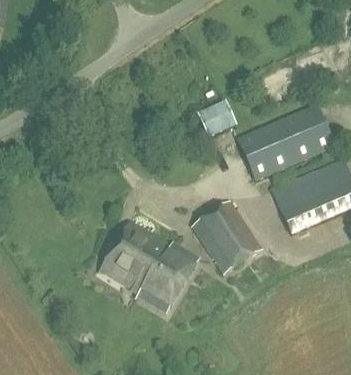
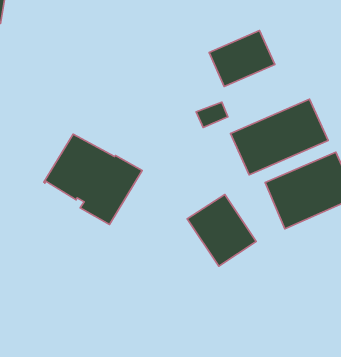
building: none -> [209,30,275,86]
building: [99,221,199,313] -> [44,134,142,224]

